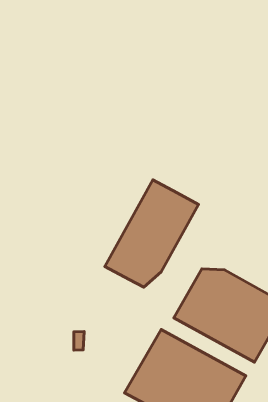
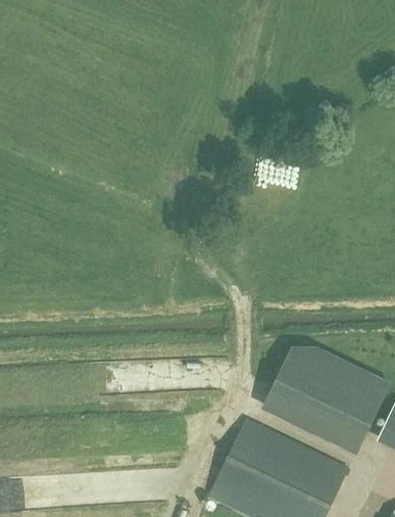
building: [105,180,199,287] -> none

